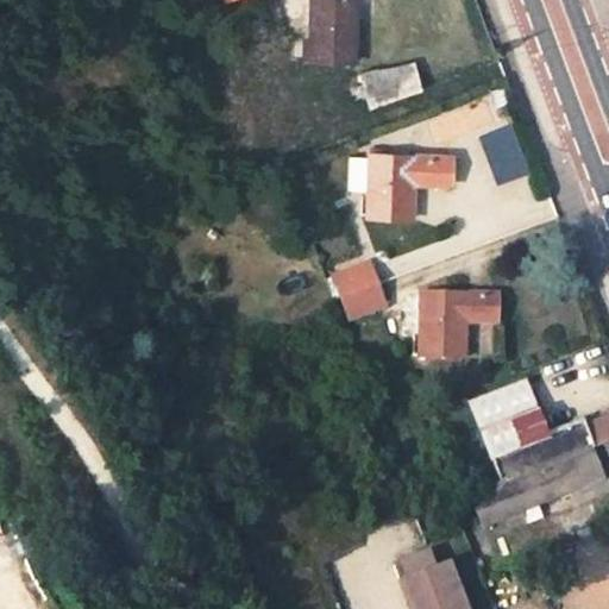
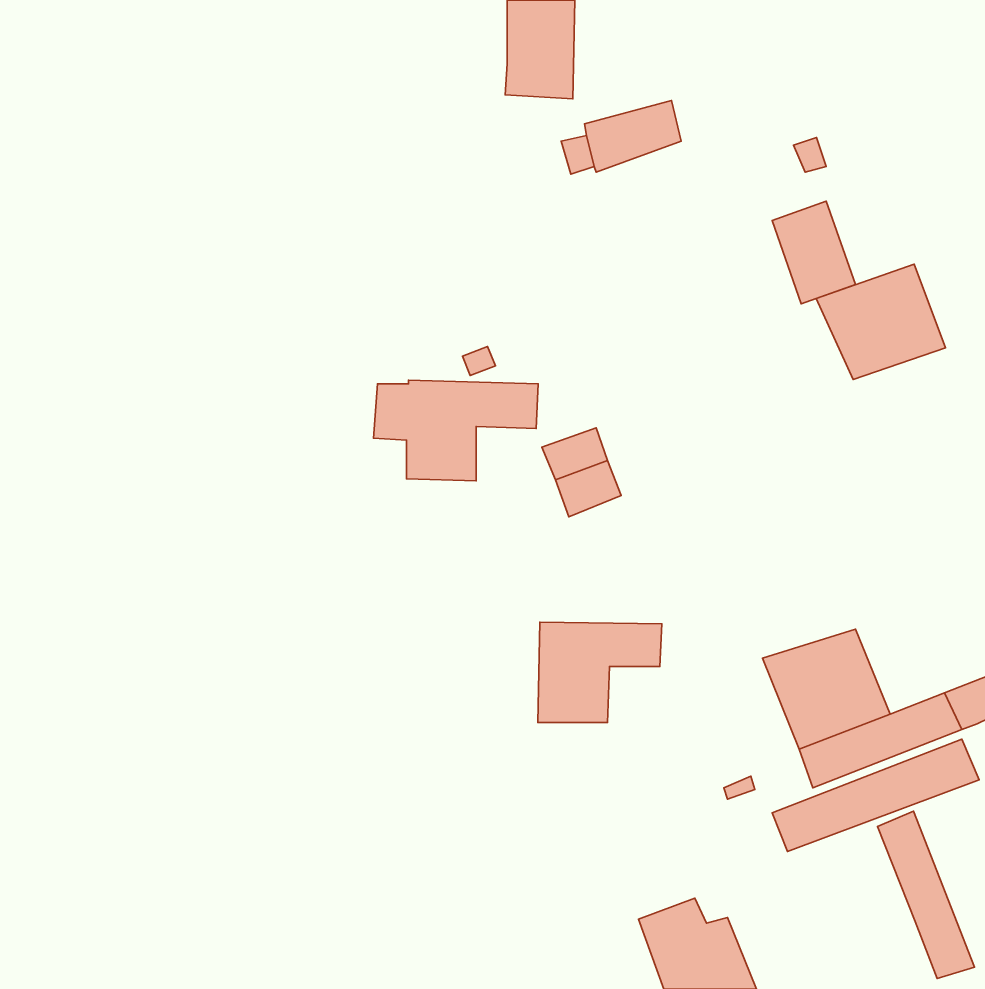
building: [350,153,451,215] -> [374,380,538,481]
building: none -> [816,264,945,379]
building: [421,294,497,356] -> [538,622,662,723]
building: none -> [878,811,974,979]

